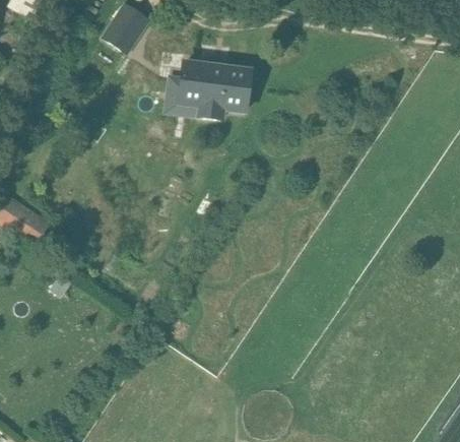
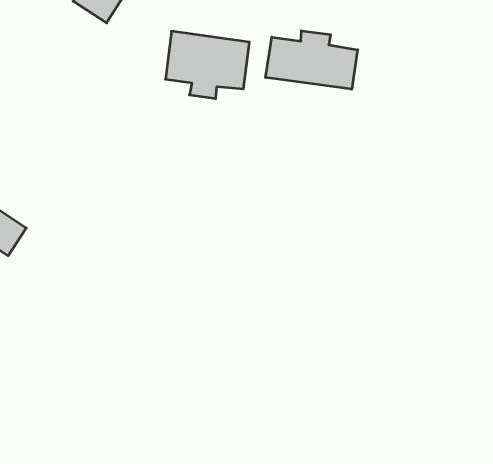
building: none -> [266,31,358,89]

